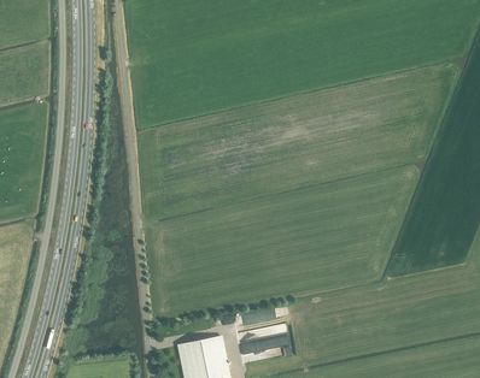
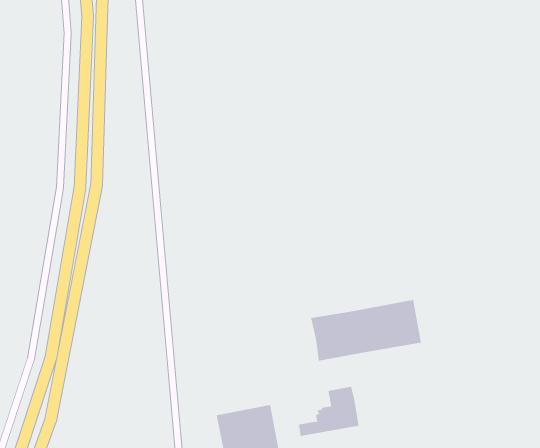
building: none -> [311,299,421,361]

